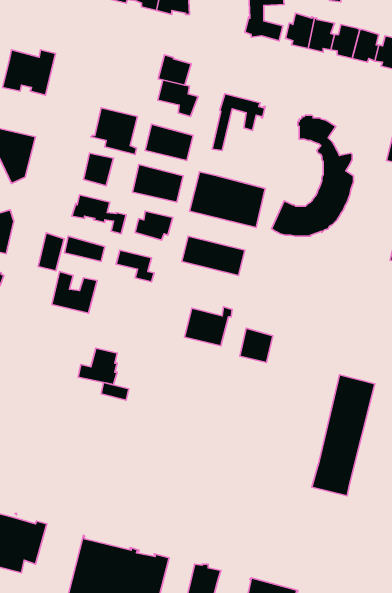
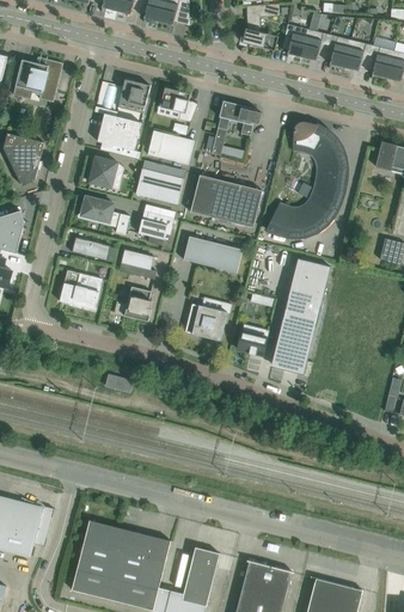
building: [158,55,191,85] -> [118,76,149,105]
building: [38,233,64,271] -> none
building: [78,348,117,385] -> [114,286,151,320]
building: [312,375,375,496] -> [270,257,330,372]

